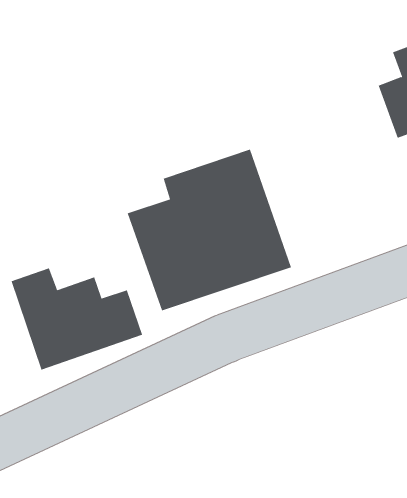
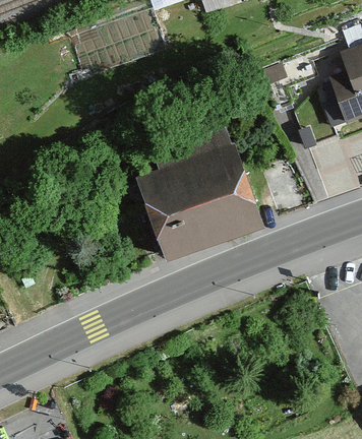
building: [11,267,143,371] -> none

